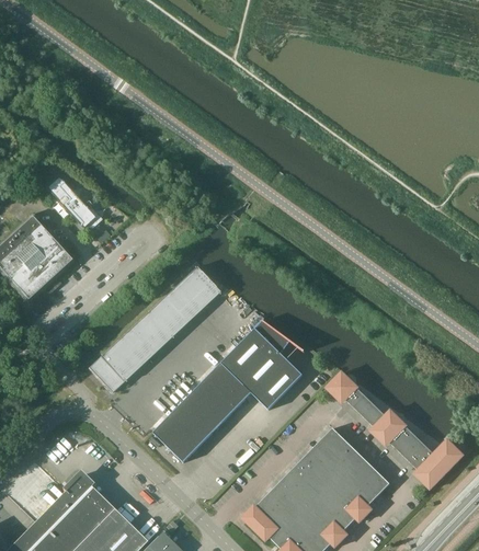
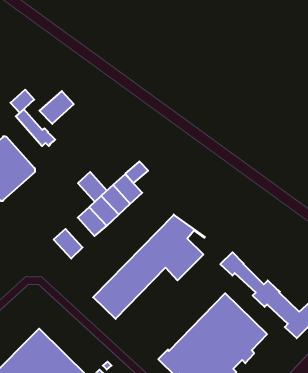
building: none -> [10,90,34,113]
building: none -> [39,91,74,124]
building: none -> [125,161,148,183]
building: [116,324,156,365] -> [78,172,107,202]
building: [88,354,124,391] -> none

